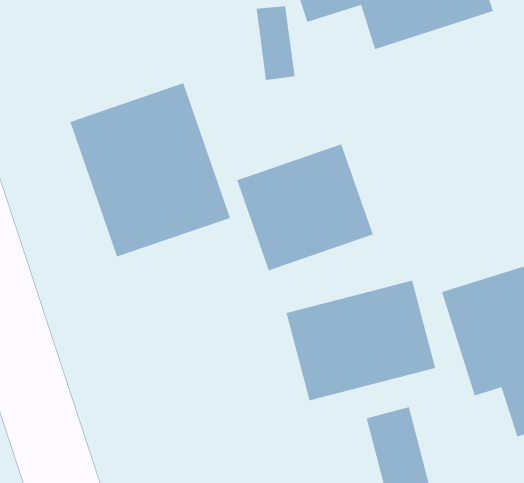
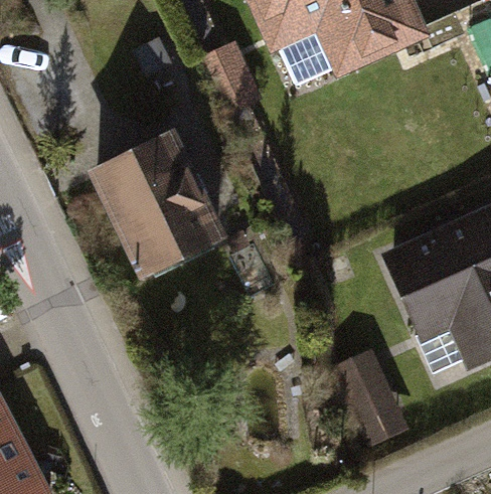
building: [237,143,374,271] -> none
building: [286,280,436,401] -> none

